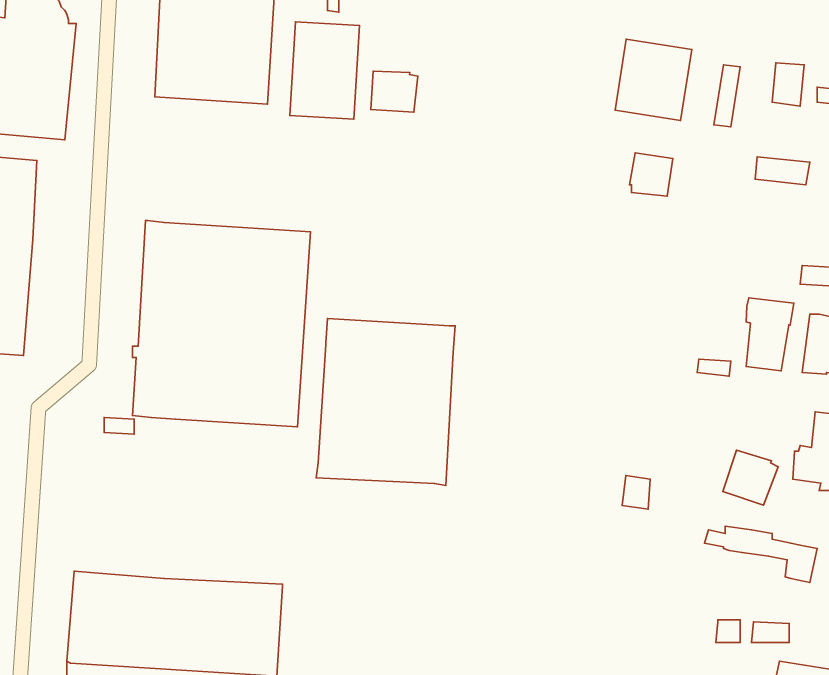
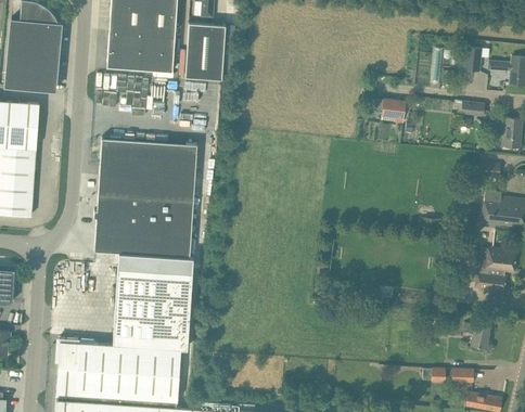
building: [615,39,692,121] -> none
building: [371,71,418,112] -> none
building: [746,298,794,371] -> none
building: [316,318,455,485] -> [112,254,192,350]
building: [723,450,778,505] -> none

